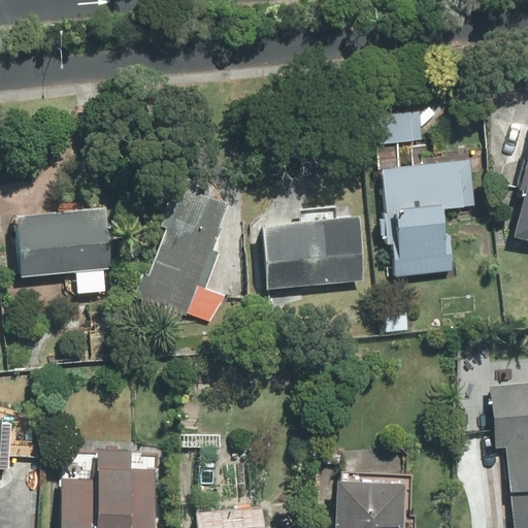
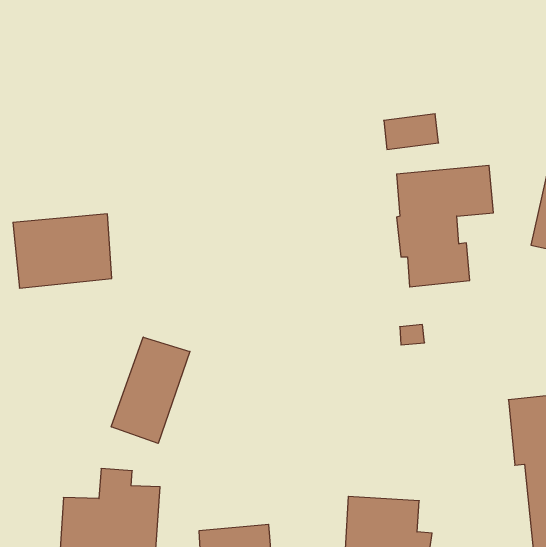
building: [135,175,228,324] -> none
building: [260,217,364,290] -> none
building: none -> [111,337,190,443]

